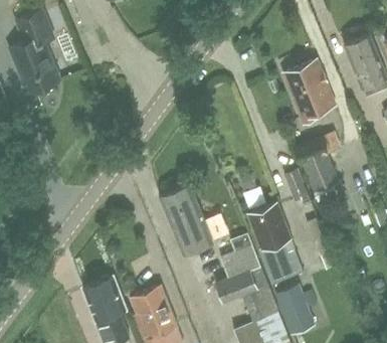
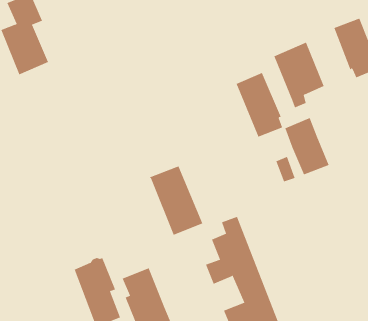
building: none -> [236,72,283,138]
building: [248,201,304,283] -> none
building: [273,283,315,334] -> none

